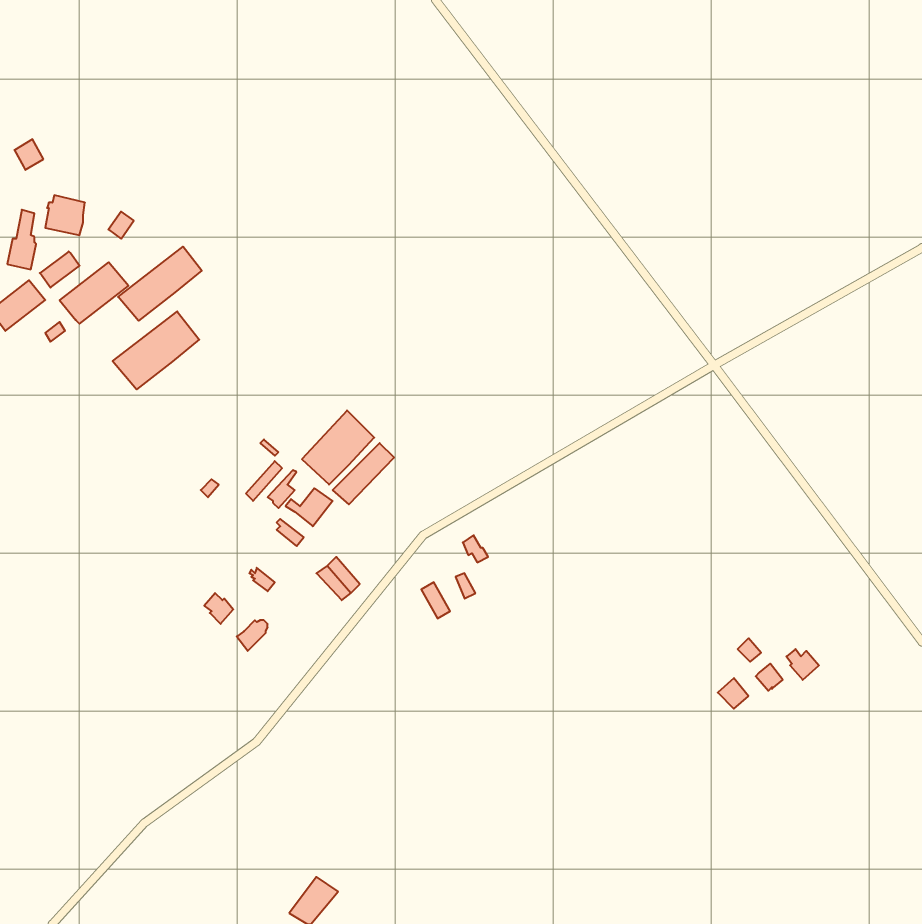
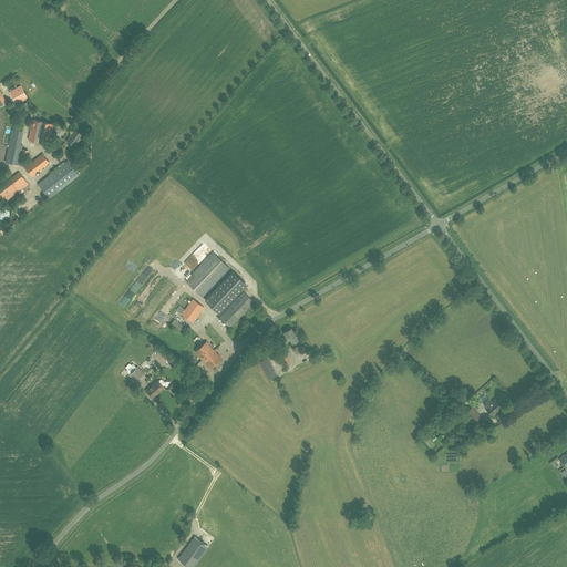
building: [118,247,202,321] -> none
building: [113,311,199,389] -> none
building: none -> [218,291,254,328]

